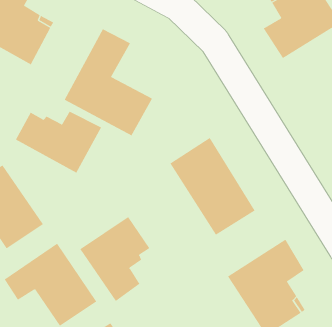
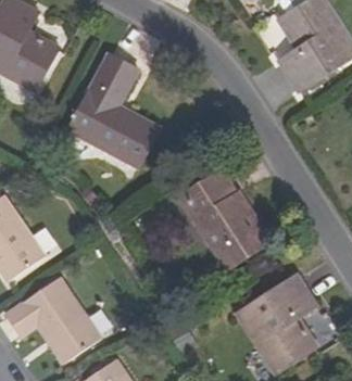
building: [15,111,102,173] -> none
building: [80,216,150,302] -> none

